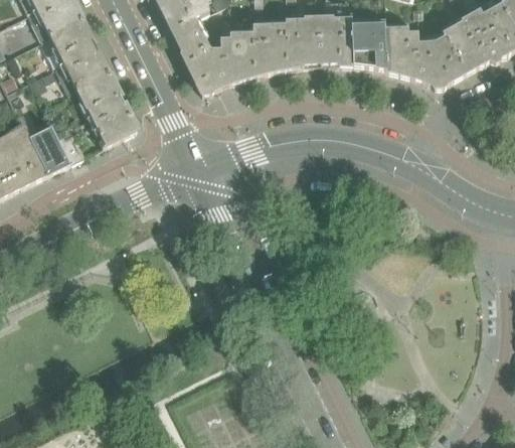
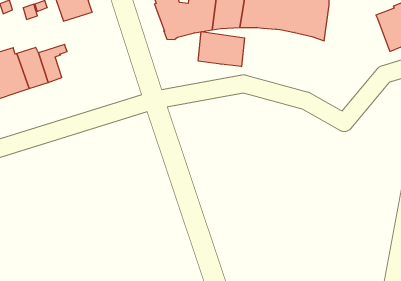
building: [385,27,464,88] -> none
building: [77,73,136,145] -> none
building: none -> [198,32,245,67]

